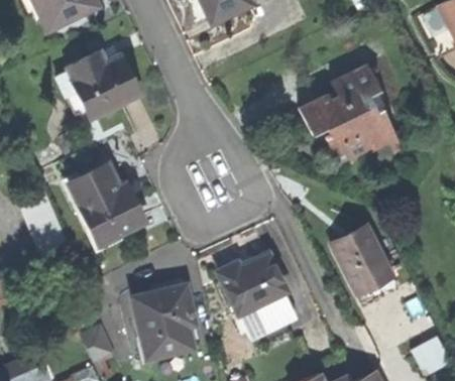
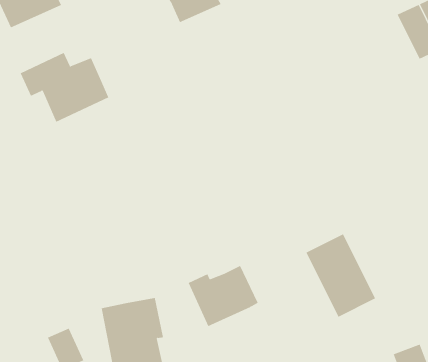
building: [300,67,392,164] -> none
building: [73,163,146,242] -> none
building: [237,295,291,340] -> none

